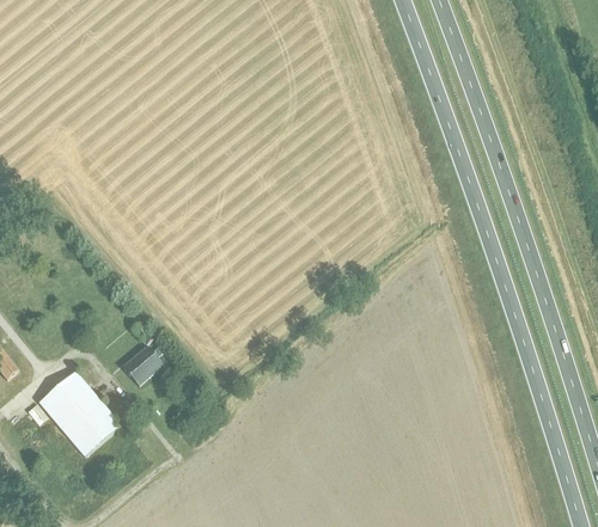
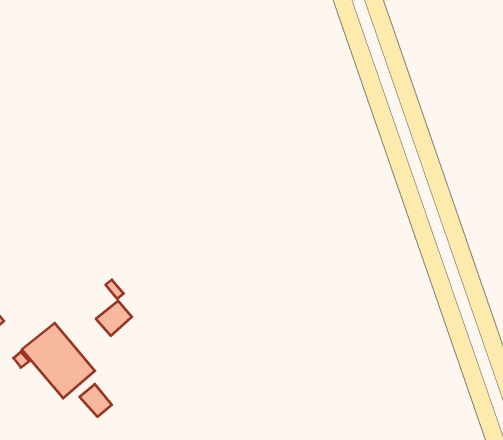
building: none -> [80,384,112,417]

